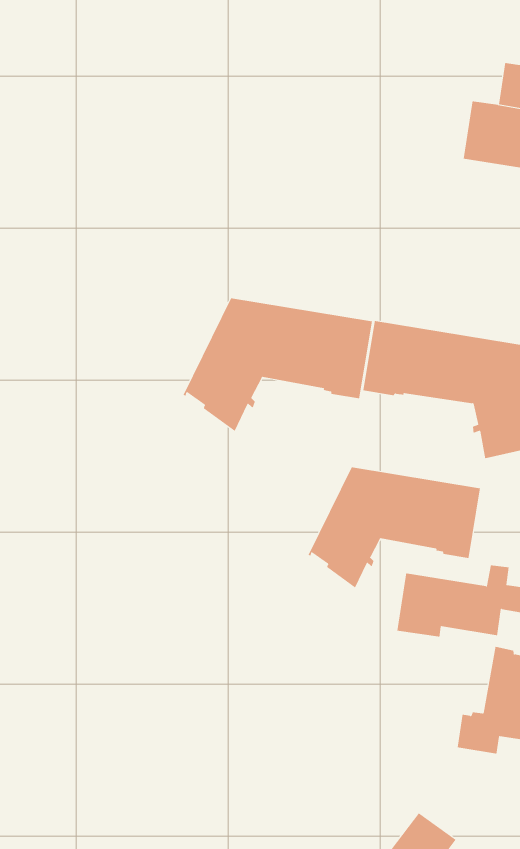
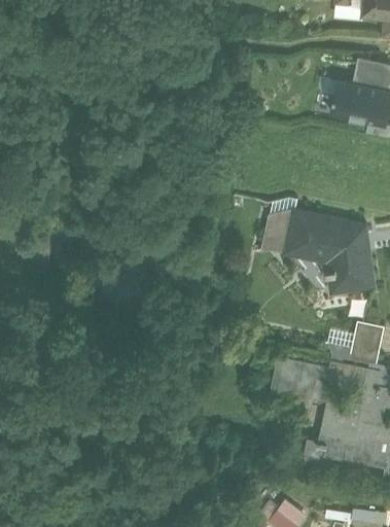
building: [183,297,372,432] -> none
building: [308,466,480,589] -> none

